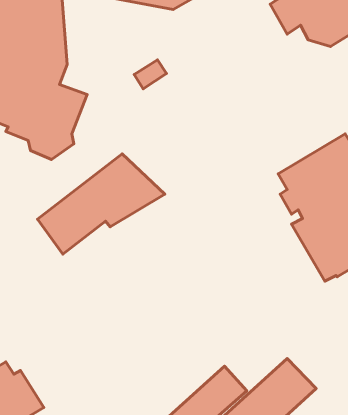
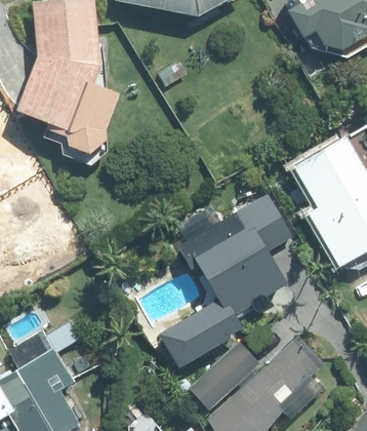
building: [38,154,165,254] -> none
building: none -> [158,195,294,367]

